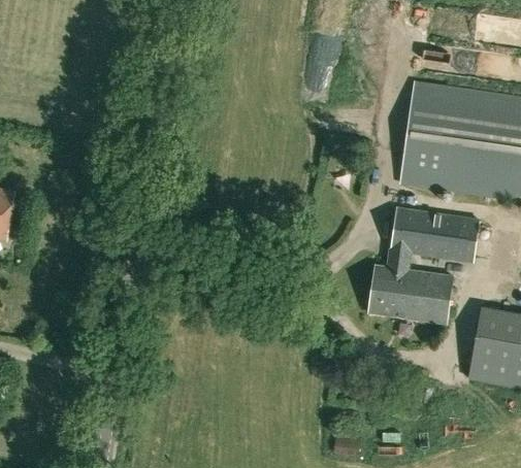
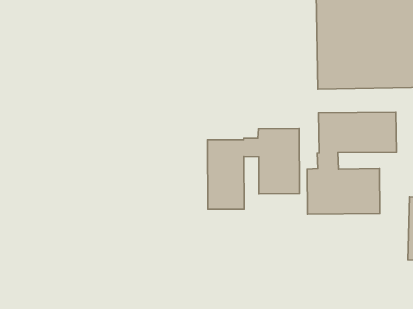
building: none -> [207,128,300,209]

